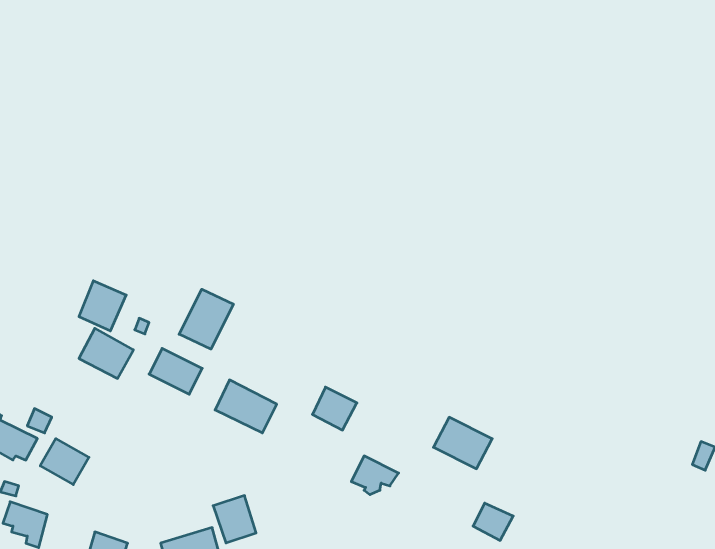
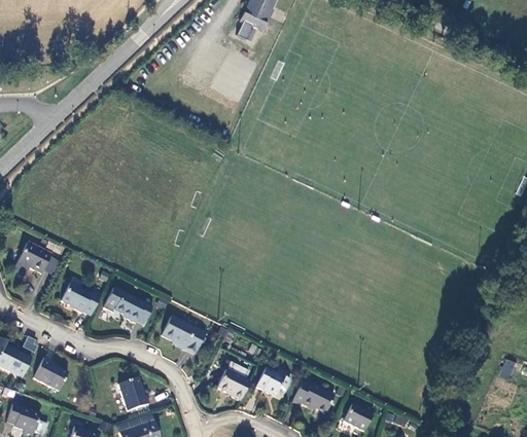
building: [79,281,126,331] -> [15,241,49,277]
building: [179,289,233,349] -> none
building: [312,387,357,430] -> [217,368,249,399]
building: [433,417,492,469] -> [291,380,333,417]
building: [213,496,256,543] -> [116,372,147,406]

